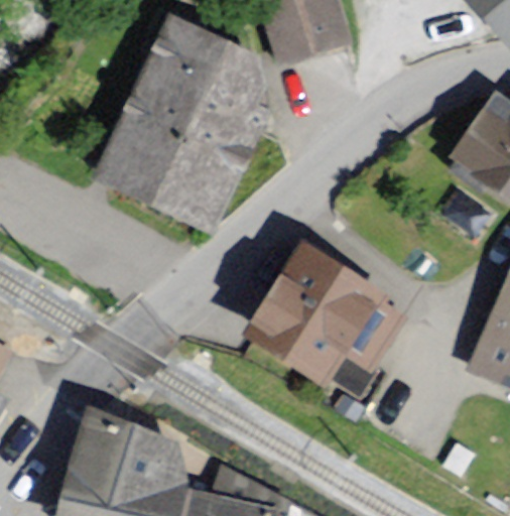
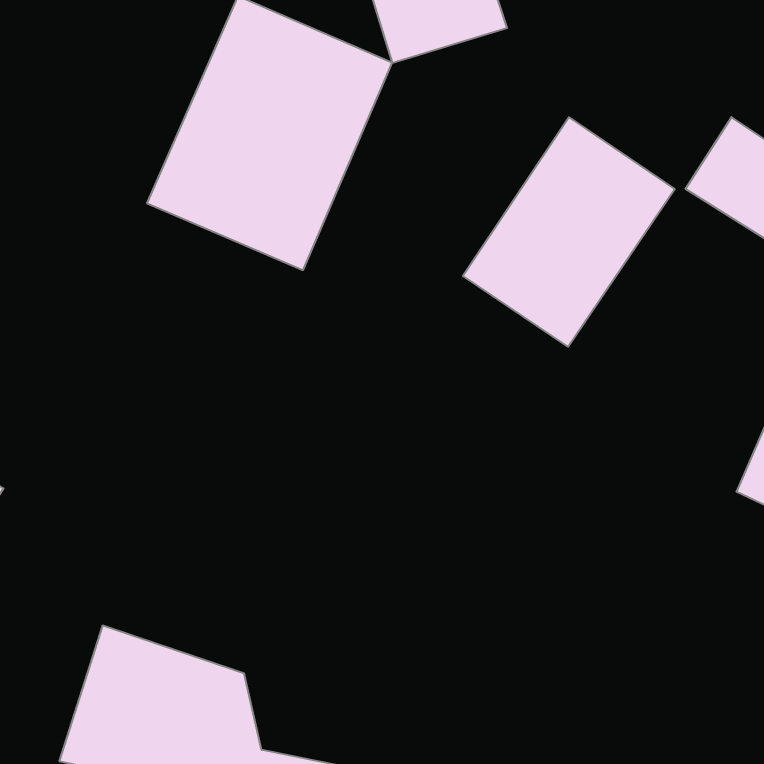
building: none -> [463,117,675,347]
building: [240,233,399,365] -> none

